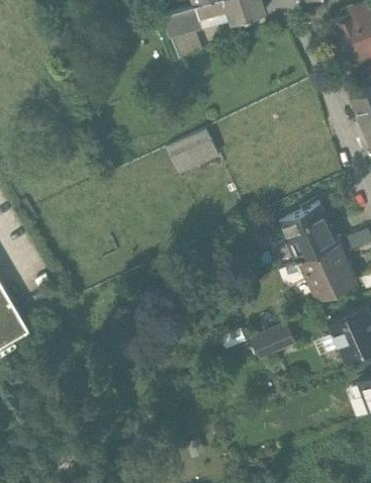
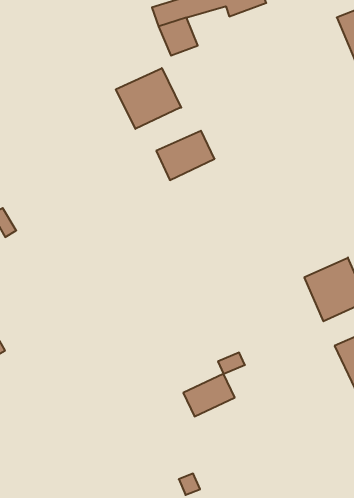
building: none -> [116,68,181,129]
building: [277,203,337,262] -> none
building: [249,320,295,359] -> [183,374,235,416]

